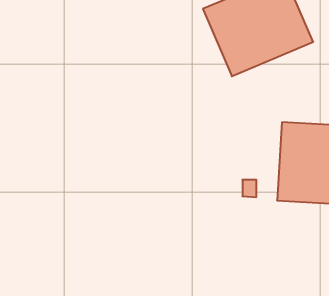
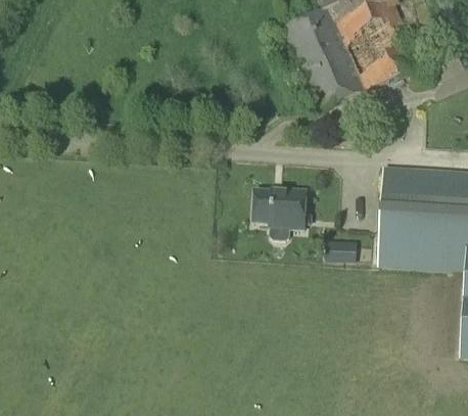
building: none -> [255,189,309,229]

